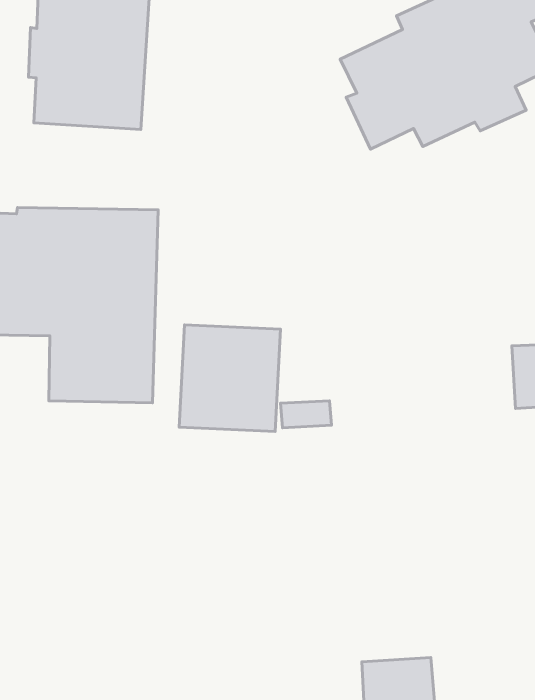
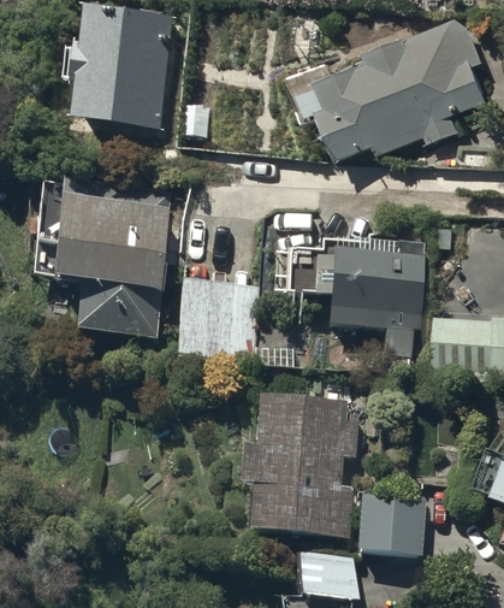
building: none -> [286,238,423,359]
building: none -> [238,394,356,536]
building: none -> [356,495,423,554]

